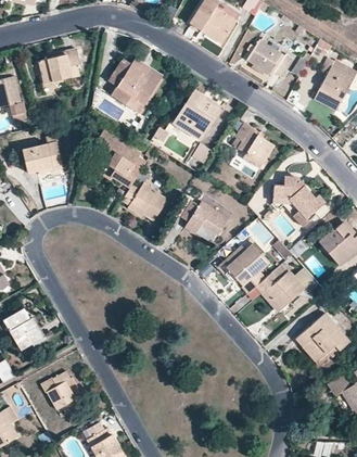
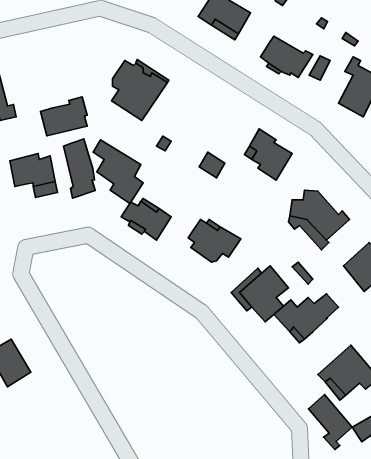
building: [39,50,80,85] -> [41,97,87,136]
building: [174,89,219,139] -> none
building: none -> [63,139,95,198]
building: none -> [309,395,352,450]
building: [39,370,76,409] -> none

